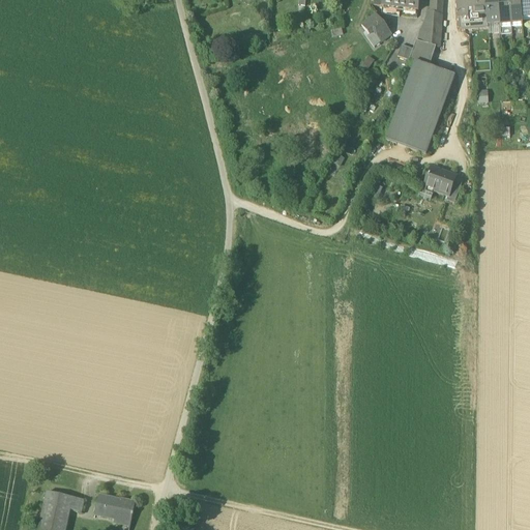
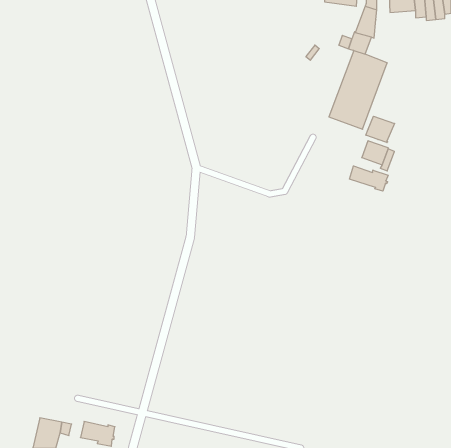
building: [360,10,390,43] -> none
building: none -> [366,116,395,143]
building: none -> [349,166,388,191]

